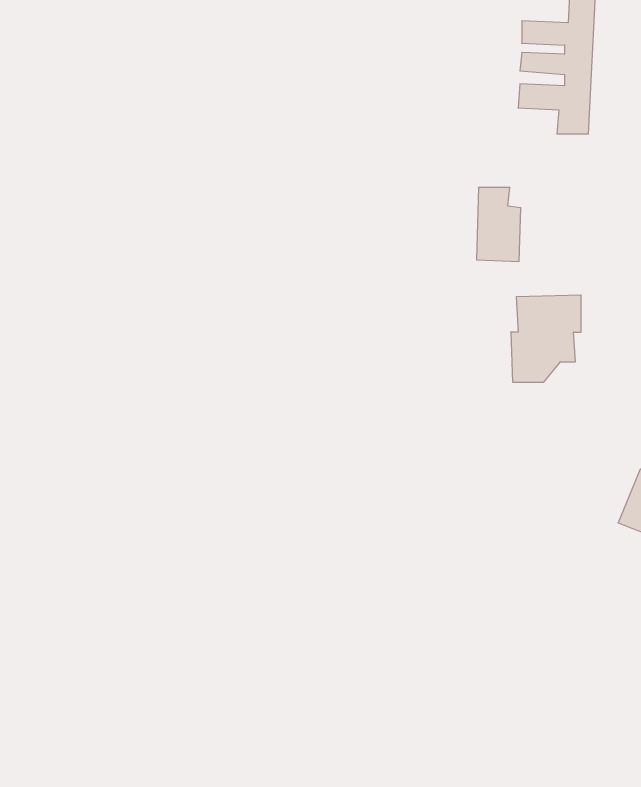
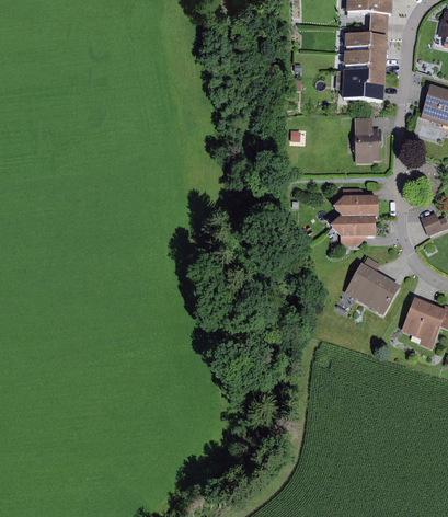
building: [477,188,521,262] -> [354,117,380,161]
building: none -> [344,263,400,315]

